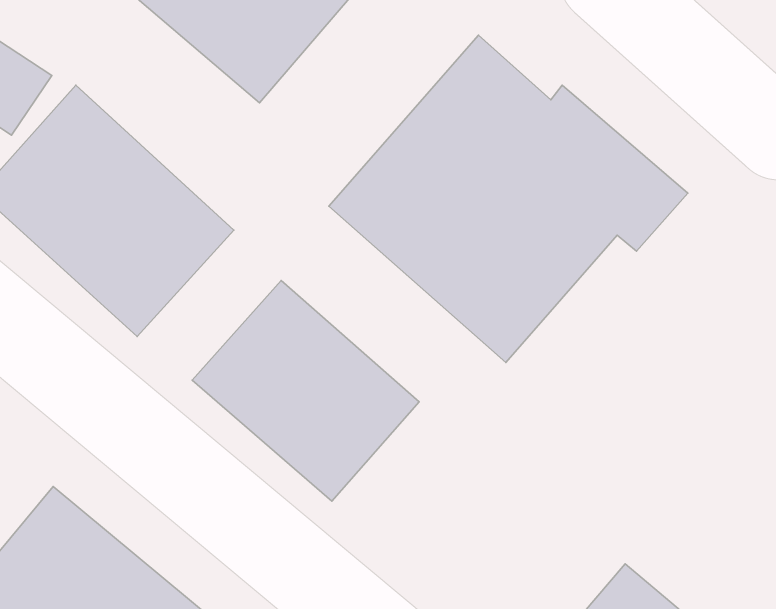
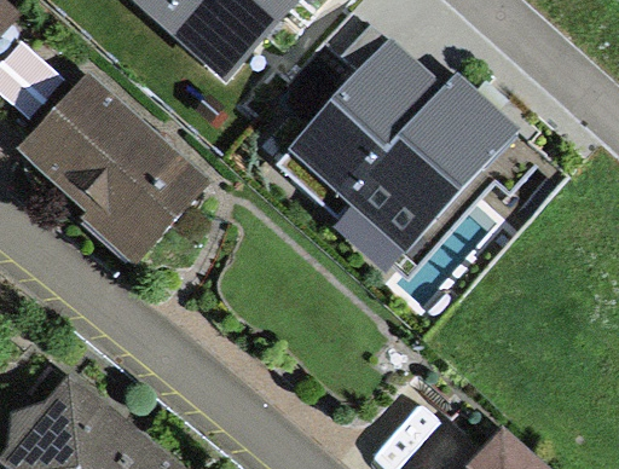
building: [192,280,419,501] -> none

